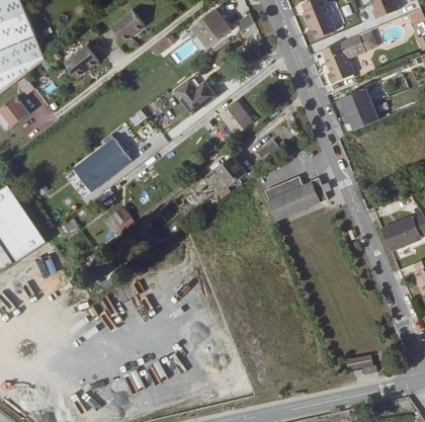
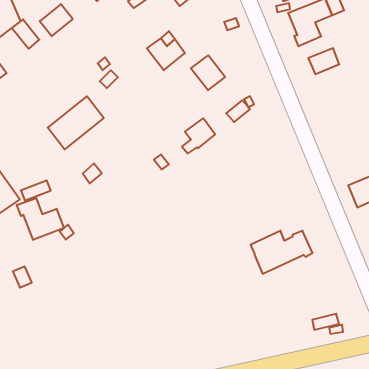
building: none -> [12,19,39,49]
building: [346,104,377,131] -> none
building: [264,177,327,221] -> [251,231,313,274]
building: none -> [17,198,64,240]

